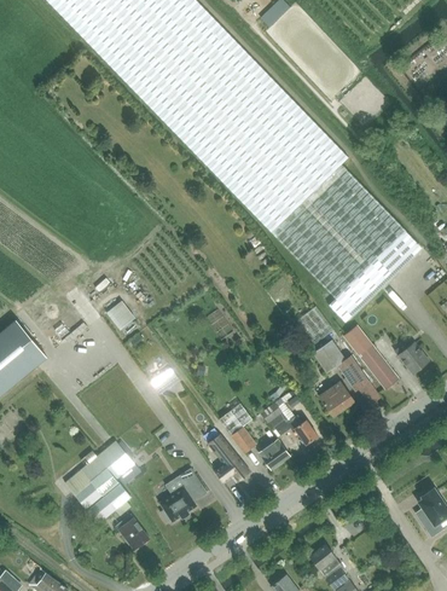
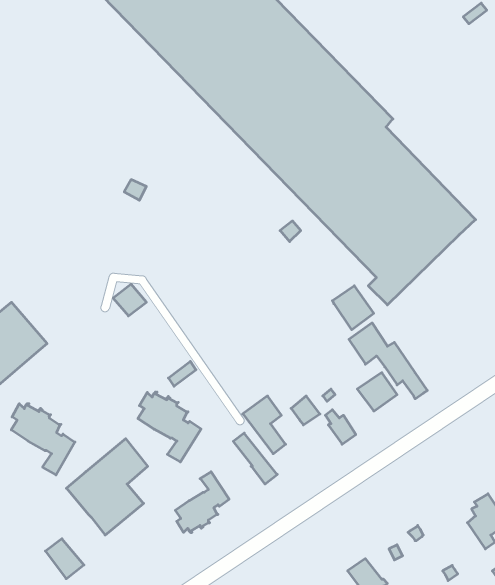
building: [344,325,399,389] -> none
building: [394,342,429,375] -> none
building: none -> [138,392,201,462]
building: none -> [11,404,75,475]
building: [259,439,290,470] -> none
building: [116,515,150,550] -> [45,539,84,579]

